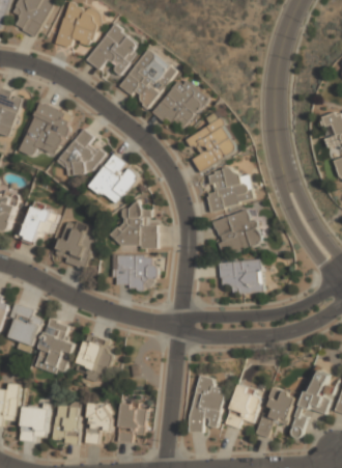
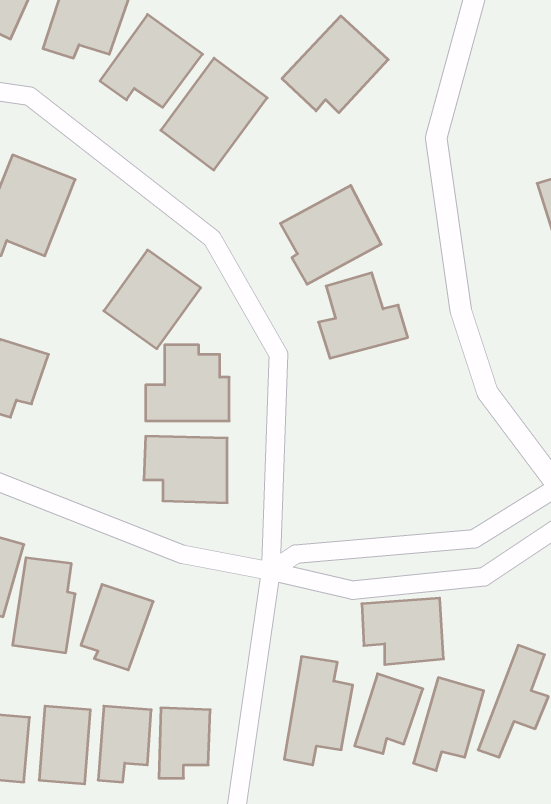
building: [151,76,209,129] -> [282,16,388,113]
building: [56,129,103,182] -> none
building: [210,209,261,254] -> none
building: [54,218,97,268] -> none
building: [219,258,263,295] -> [362,598,444,665]

